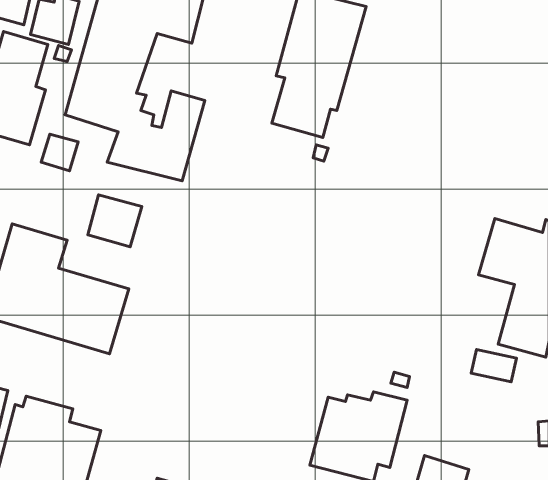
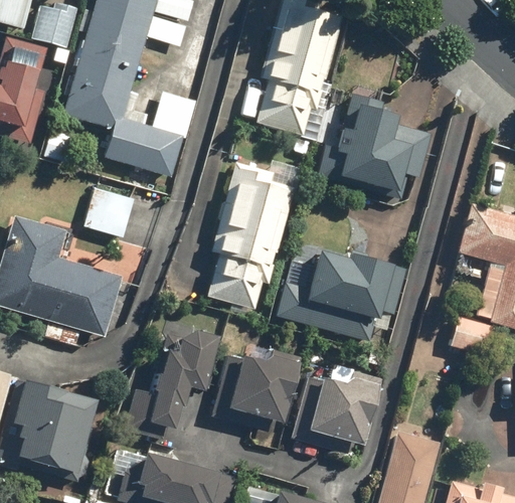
building: none -> [317,97,433,201]
building: none -> [209,162,297,309]
building: none -> [278,249,407,342]
building: none -> [125,329,220,442]
building: none -> [213,349,303,433]

